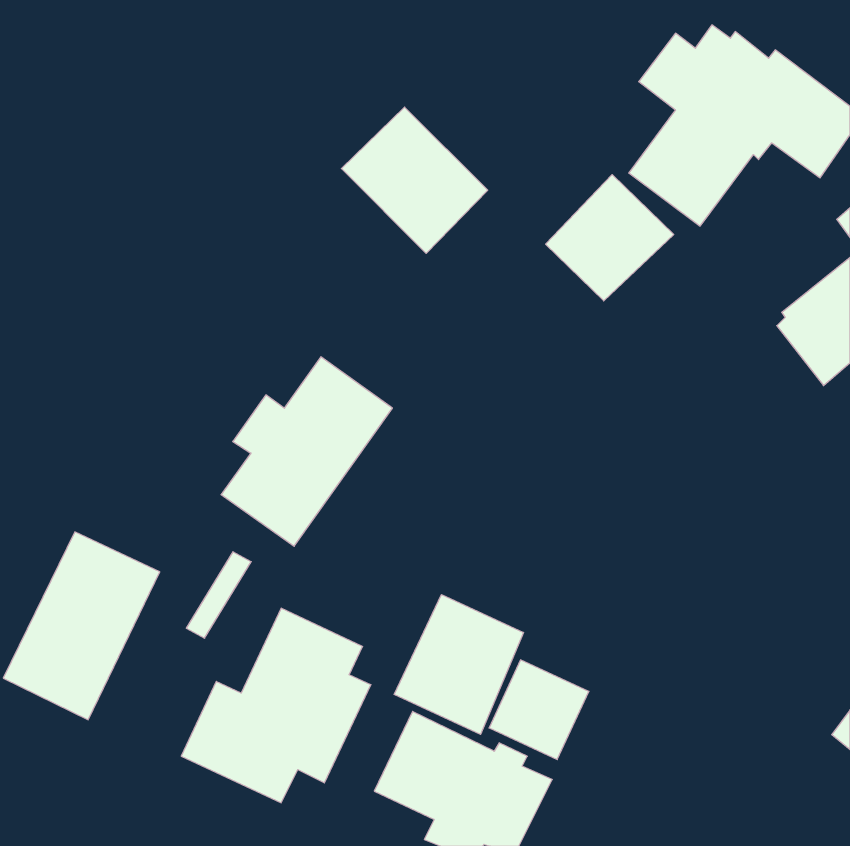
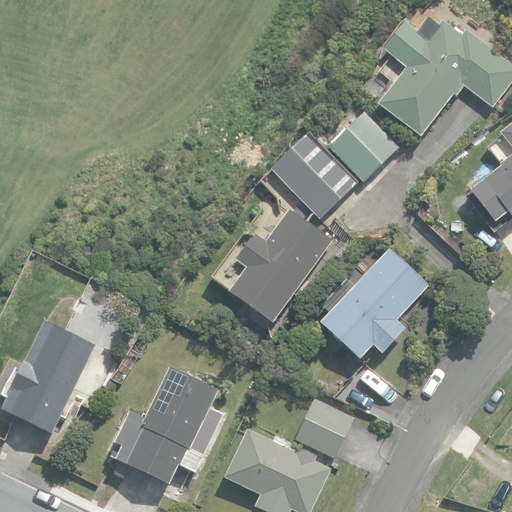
building: [341,107,488,253] -> [270,131,358,219]
building: [221,357,392,546] -> [229,209,332,323]
building: none -> [320,243,429,358]
building: [394,595,523,734] -> none

